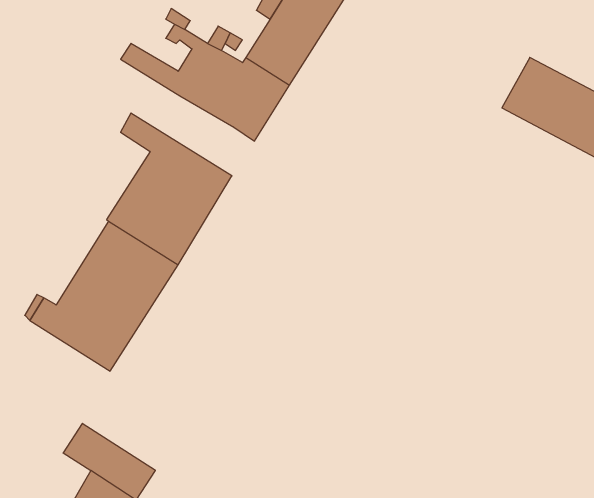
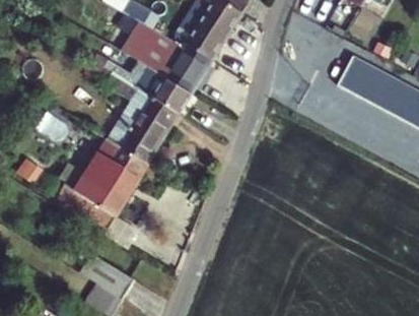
building: none -> [112,69,190,117]

